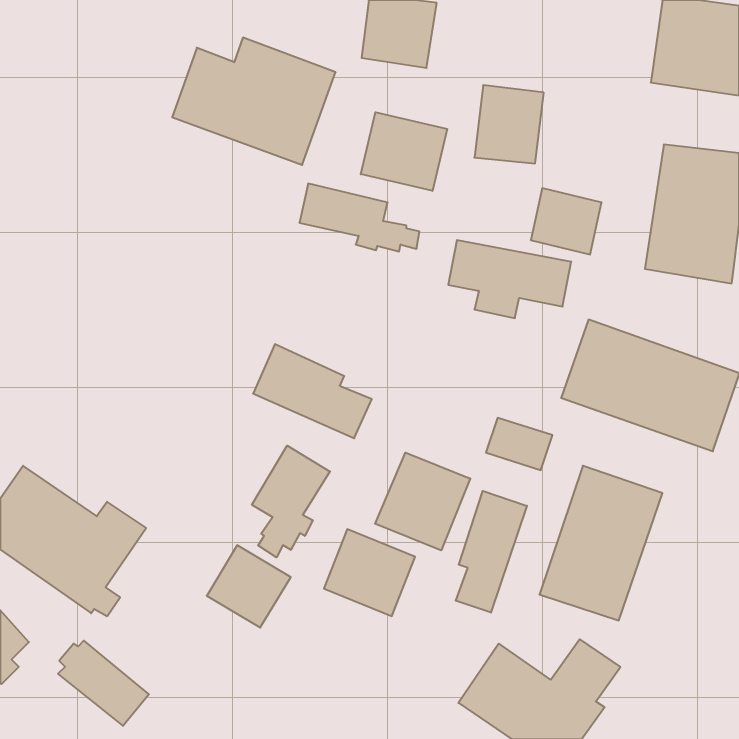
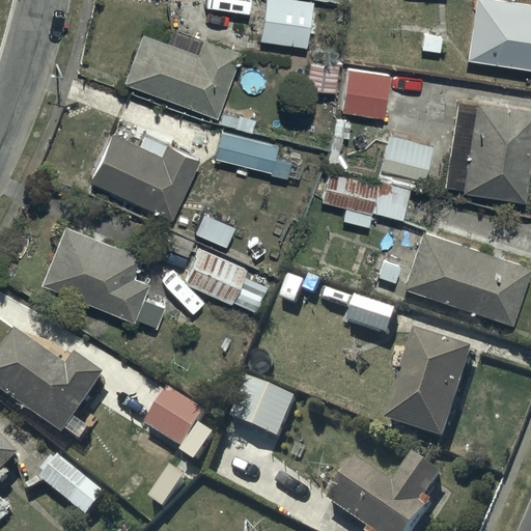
building: [361,112,447,191] -> none
building: none -> [87,131,200,221]
building: none -> [39,224,164,328]
building: [252,446,330,557] -> none
building: [375,453,470,550] -> none
building: [456,491,527,613] -> none

